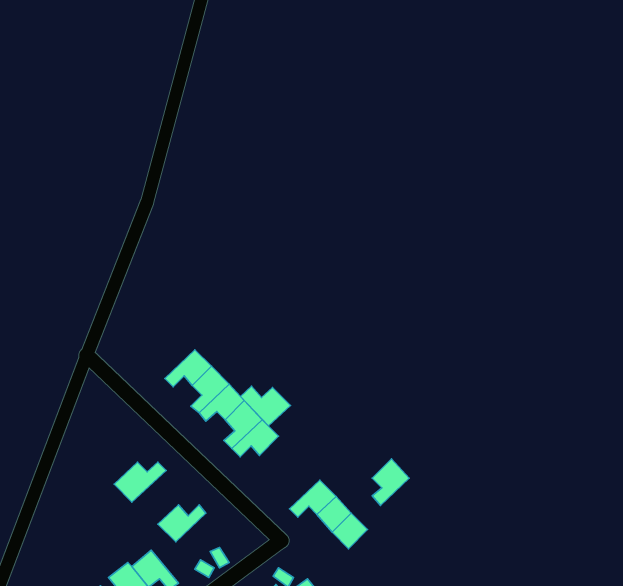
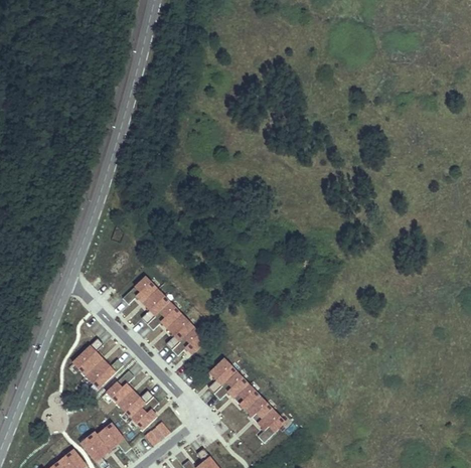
building: [240,386,291,426] -> none
building: none -> [71,337,103,374]
building: [372,459,409,506] -> [257,408,284,442]
building: none -> [207,357,236,393]
building: none -> [106,369,134,404]
building: none -> [130,396,158,429]

